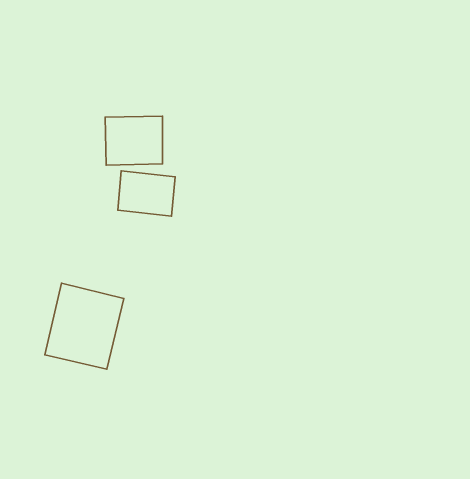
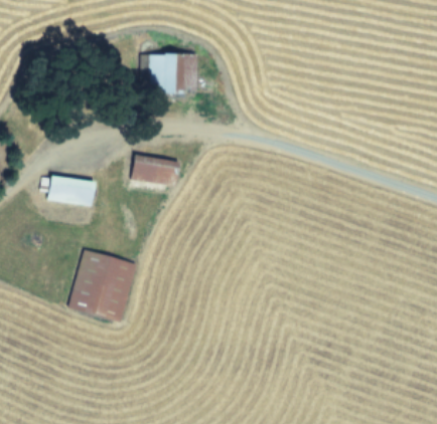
building: [105,116,162,165] -> [148,53,196,94]
building: none -> [47,175,96,205]

